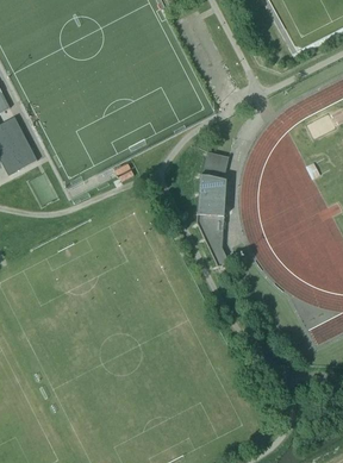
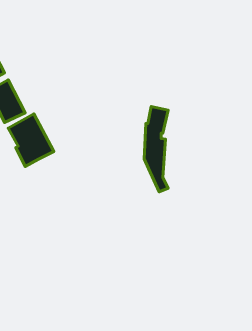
building: none -> [8,114,54,166]

